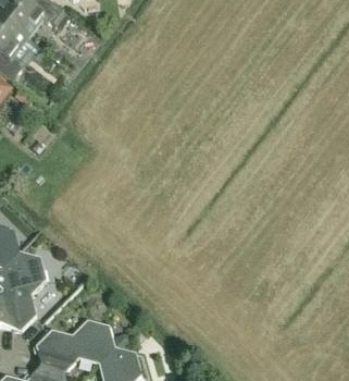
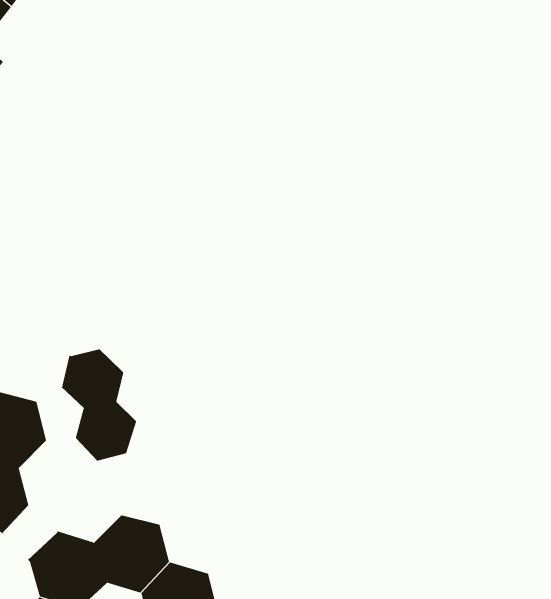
building: none -> [60,348,137,462]

